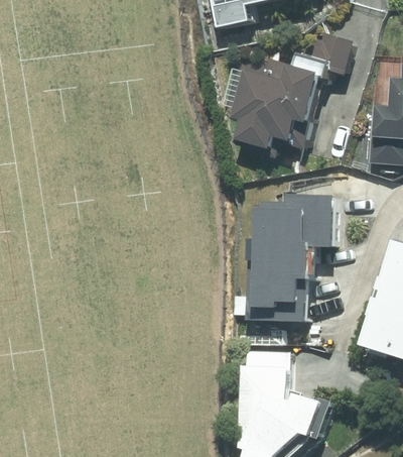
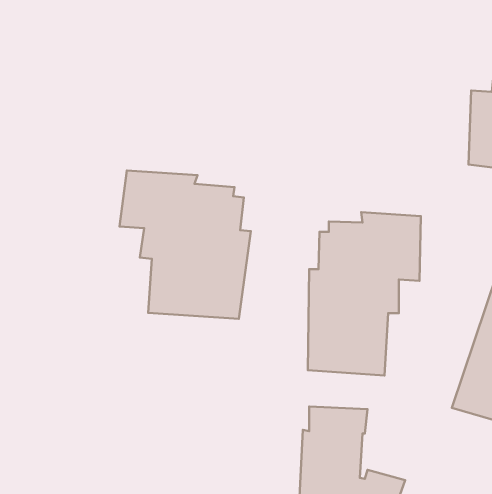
building: [232,36,353,150] -> none
building: none -> [120,171,251,319]

